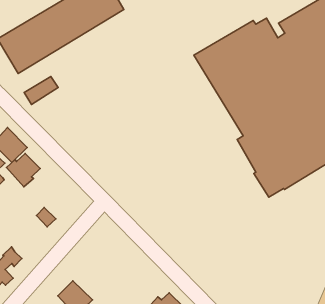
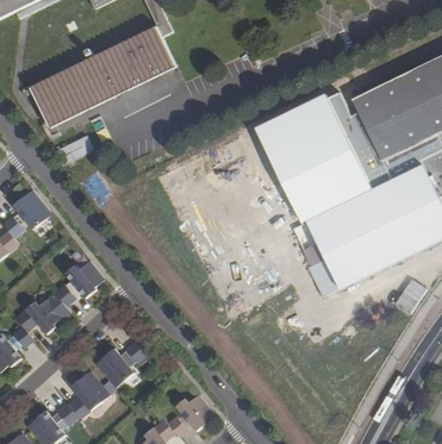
building: [7,153,40,187] -> [67,259,105,298]
building: none -> [15,296,63,333]
building: none -> [94,340,147,387]

